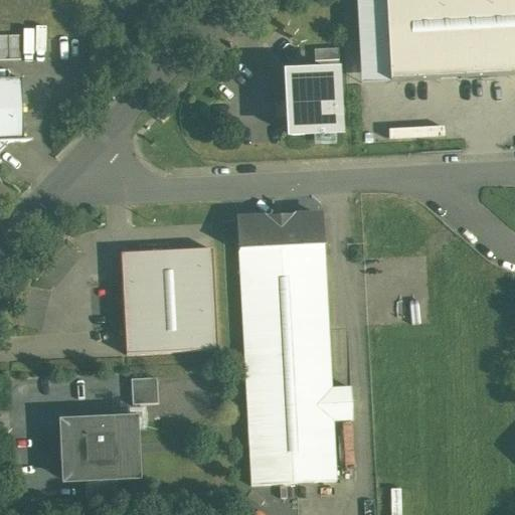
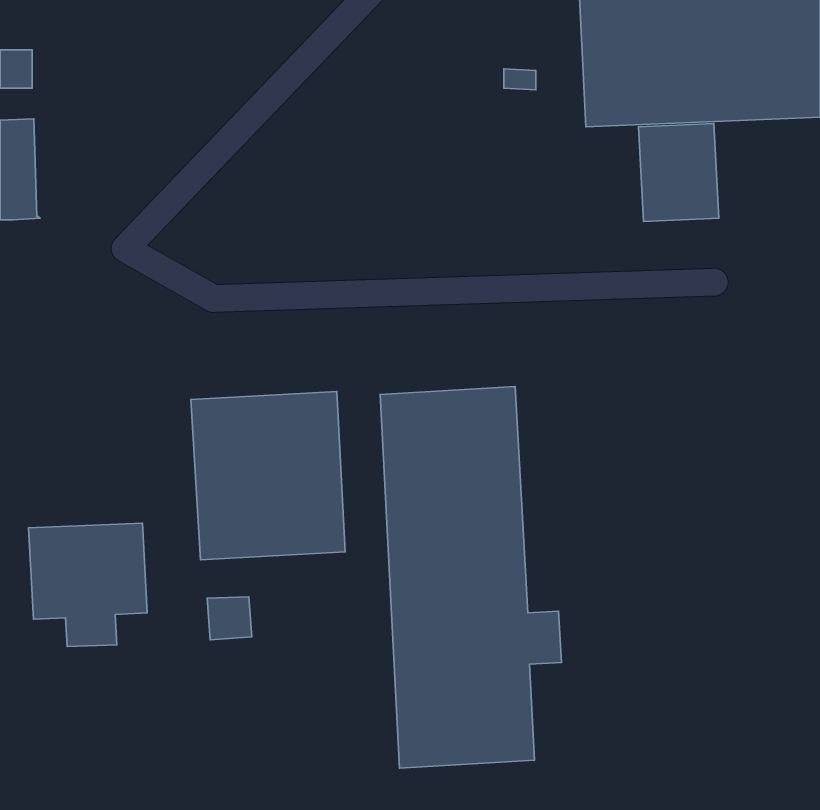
building: [287,69,337,131] -> [639,124,719,221]
building: [236,211,323,247] -> none
building: [61,416,136,494] -> [29,523,147,647]

